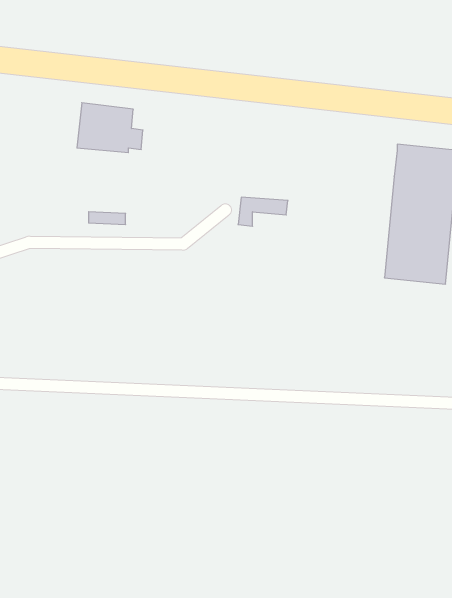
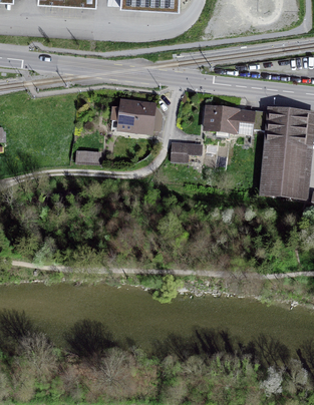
building: [77,103,143,153] -> [119,102,161,133]
building: none -> [206,109,270,134]

